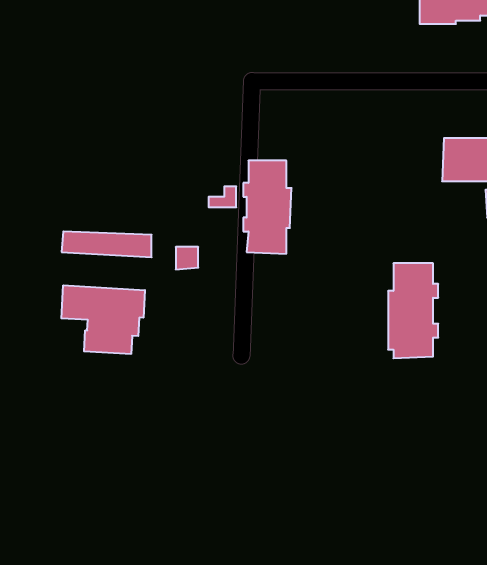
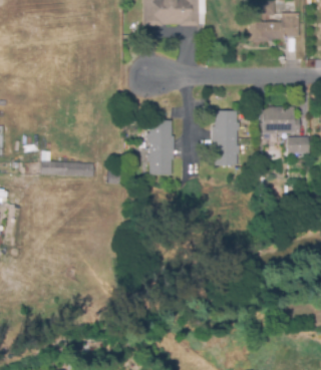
building: [388,263,438,358] -> [211,110,240,165]
building: [61,285,145,354] -> none

